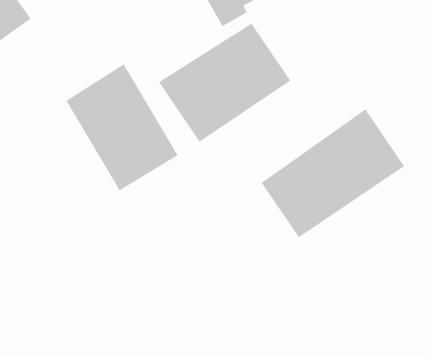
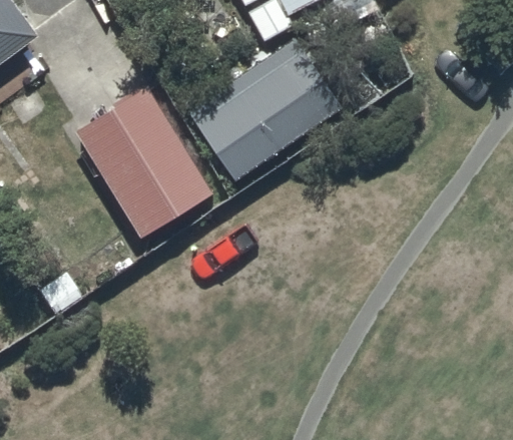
building: [261,108,405,238] -> none

